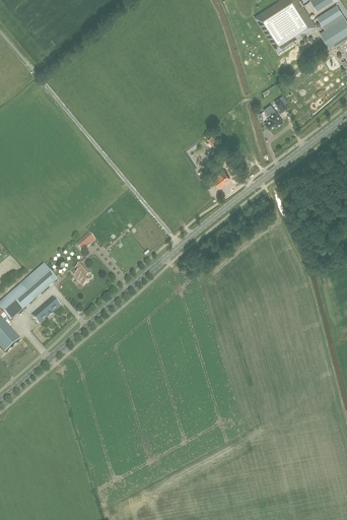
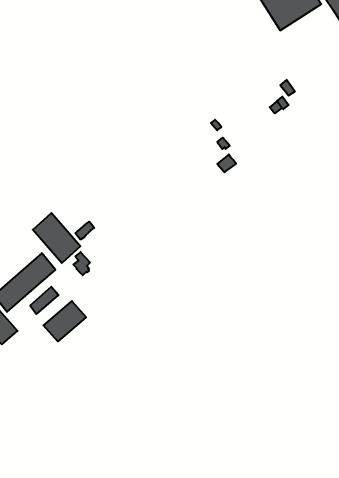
building: none -> [33,213,80,263]
building: none -> [43,301,86,341]

